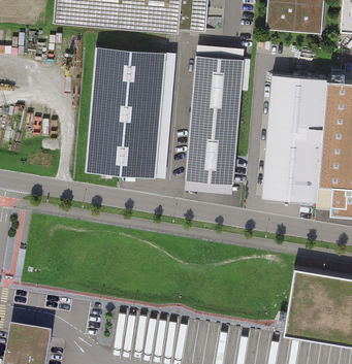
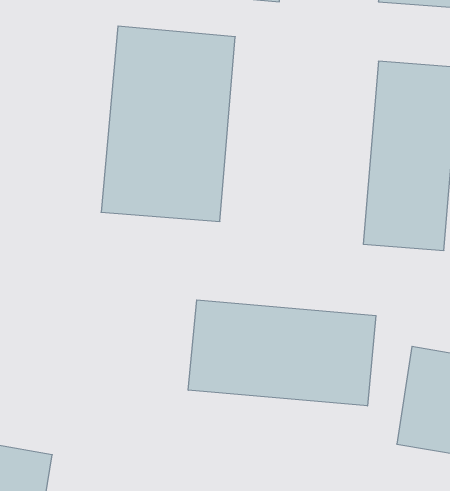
building: [186,51,244,196] -> none
building: none -> [188,300,376,406]

